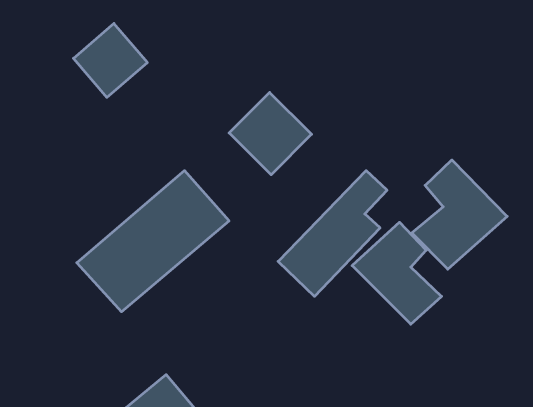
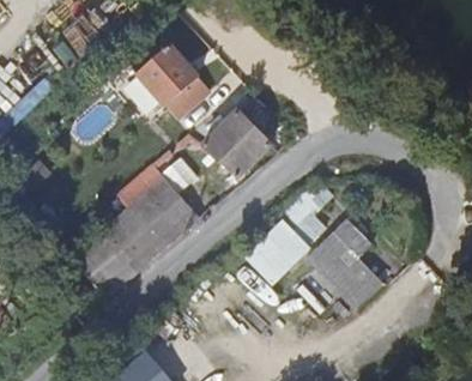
building: [73,23,147,97] -> [134,42,198,105]
building: [412,160,507,269] -> none

